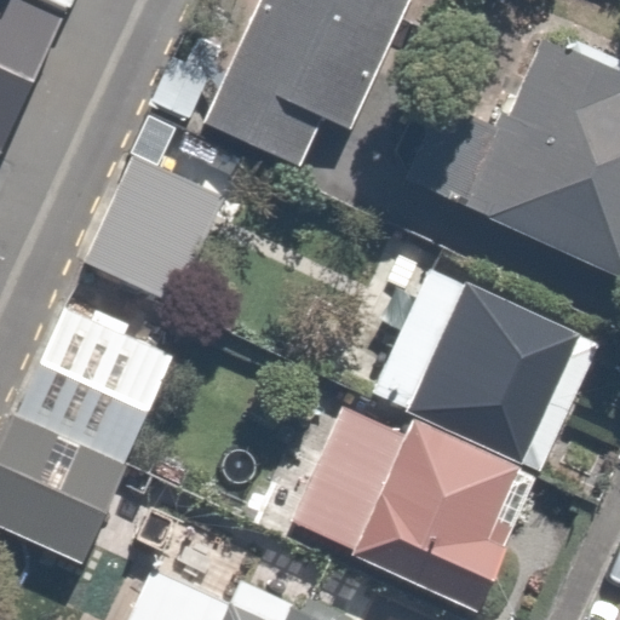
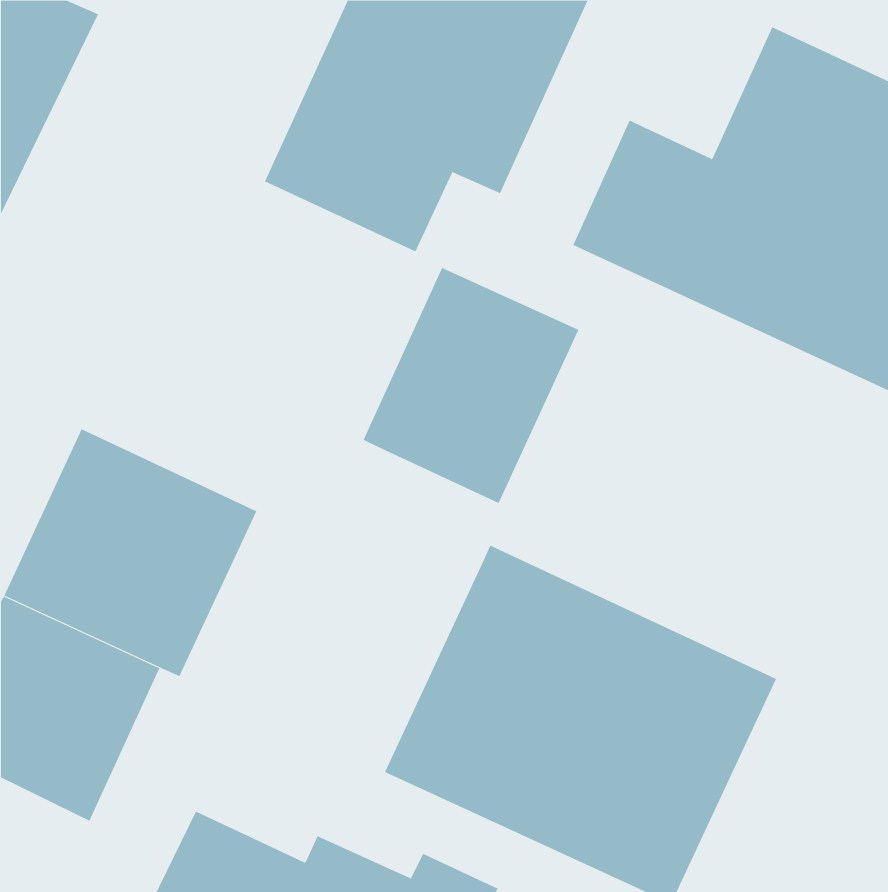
building: [79,156,223,311] -> none
building: none -> [363,267,579,504]
building: [360,256,603,465] -> none

